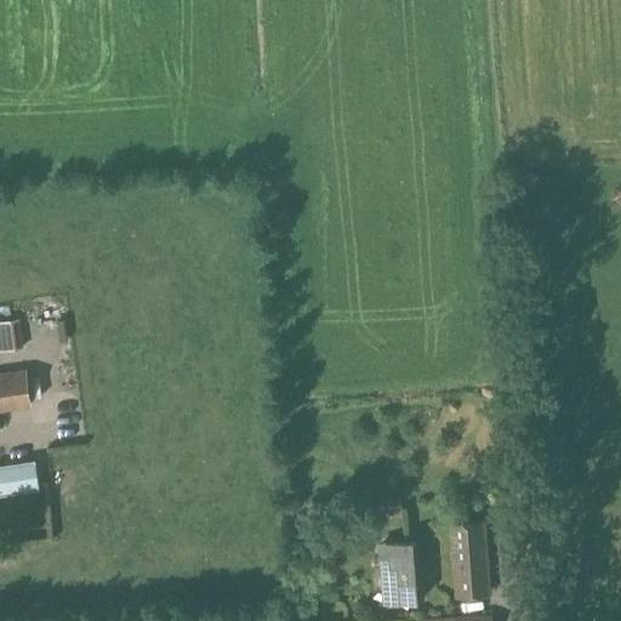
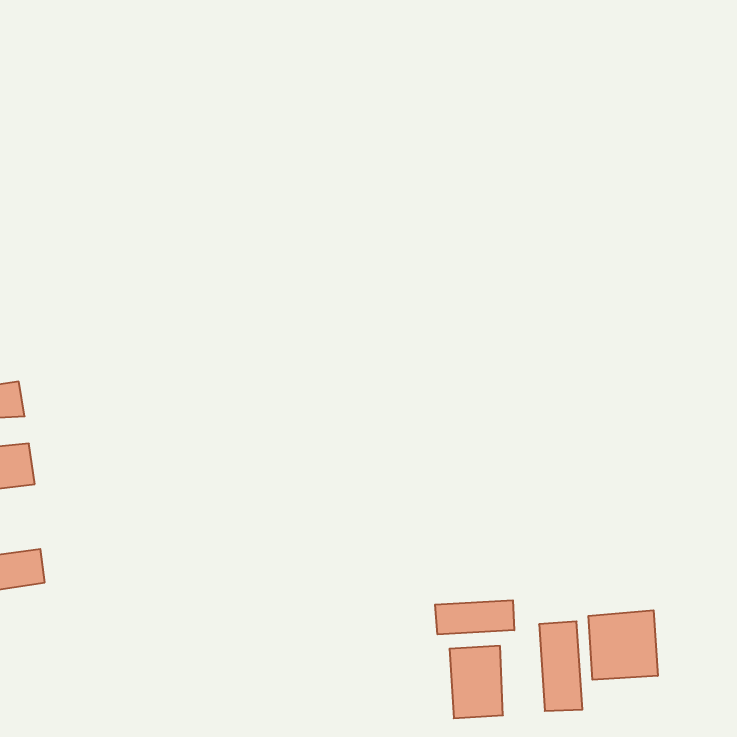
building: none -> [435,600,514,634]
building: none -> [588,610,658,680]

